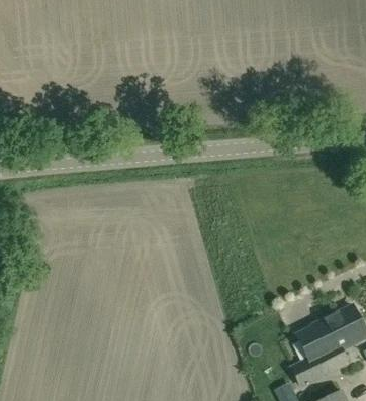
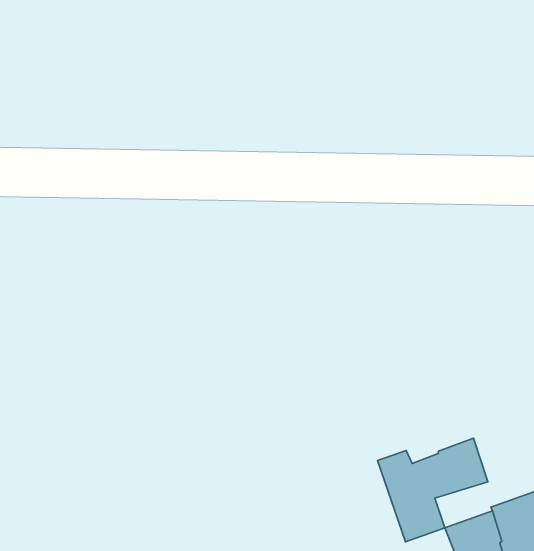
building: none -> [377,438,488,542]

